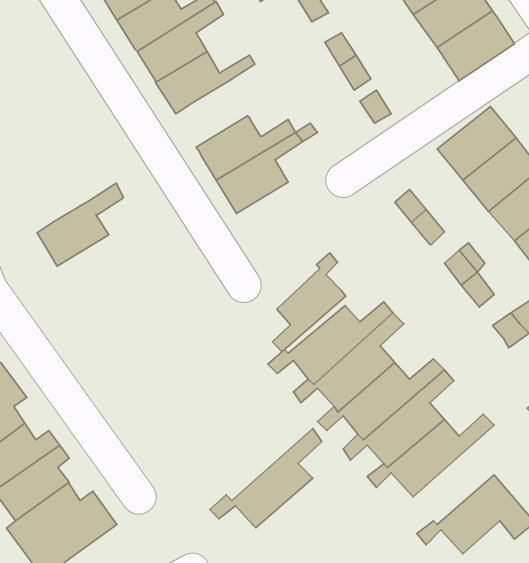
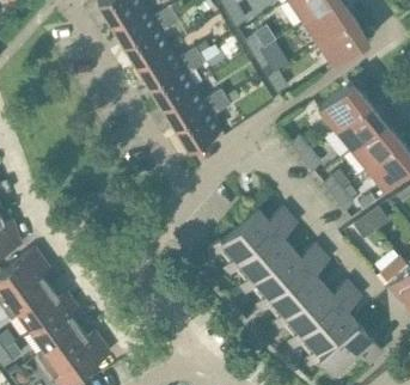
building: [37,183,124,266] -> [147,54,203,108]
building: [272,253,346,352] -> none
building: [210,429,322,528] -> [287,288,360,353]

